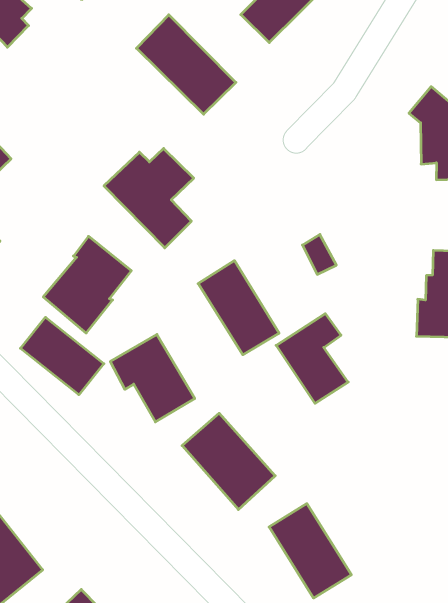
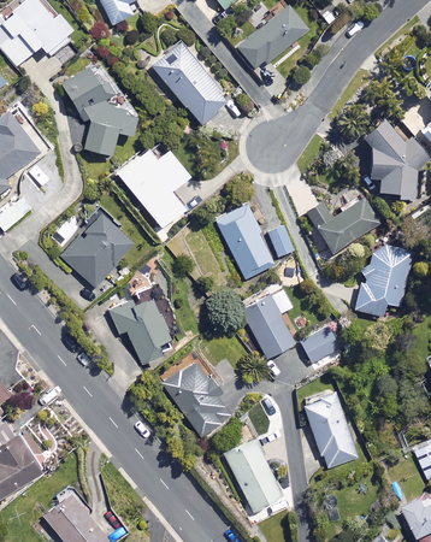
building: none -> [61,67,136,154]
building: none -> [307,198,379,252]
building: [198,261,279,355] -> [216,204,276,278]
building: [20,317,104,395] -> none
building: none -> [301,326,342,363]
building: none -> [305,390,359,470]

